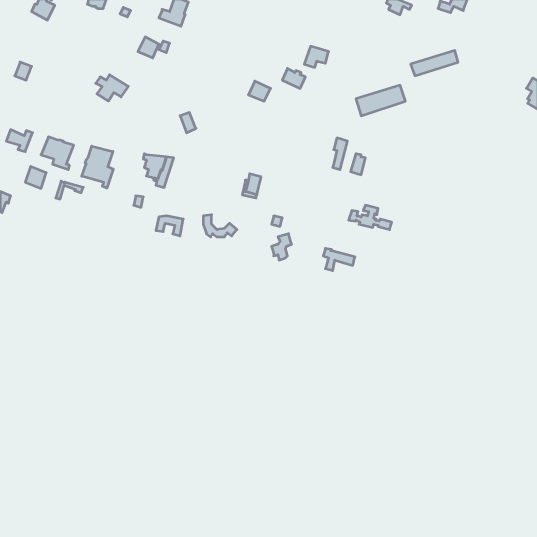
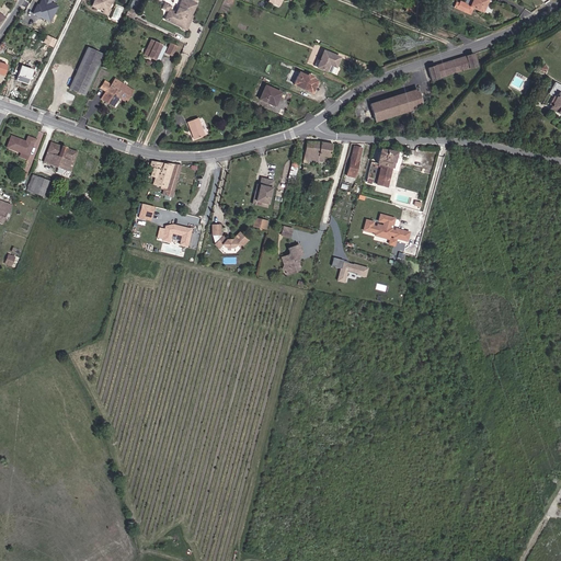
building: none -> [70,47,103,93]
building: none -> [305,141,333,162]
building: none -> [377,147,397,184]
building: [82,146,113,188] -> none

